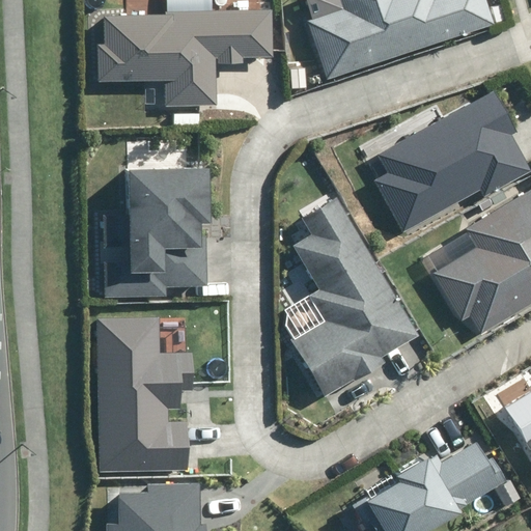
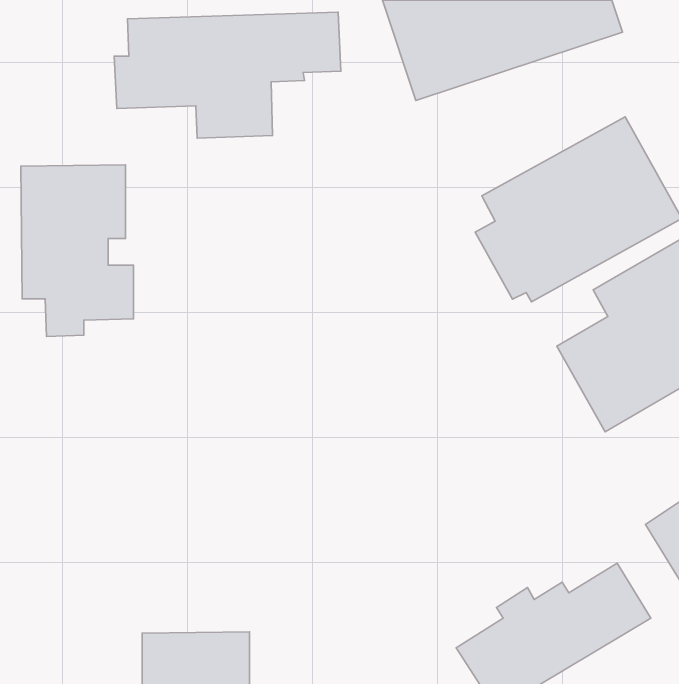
building: [120,164,207,297] -> [21,165,134,336]
building: [289,195,422,395] -> none
building: [102,317,200,468] -> none

